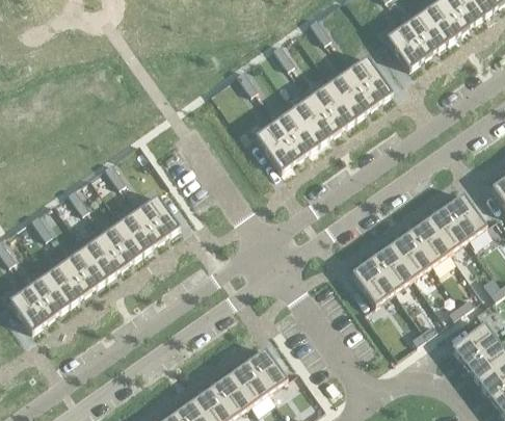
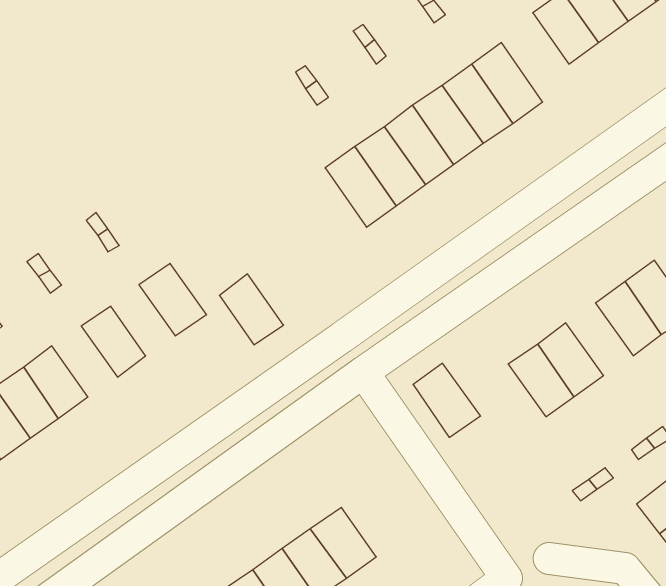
building: [118,209,159,254] -> [219,274,284,345]
building: [405,220,448,266] -> none
building: [81,235,123,280] -> none
building: [350,259,393,306] -> [413,363,481,437]

